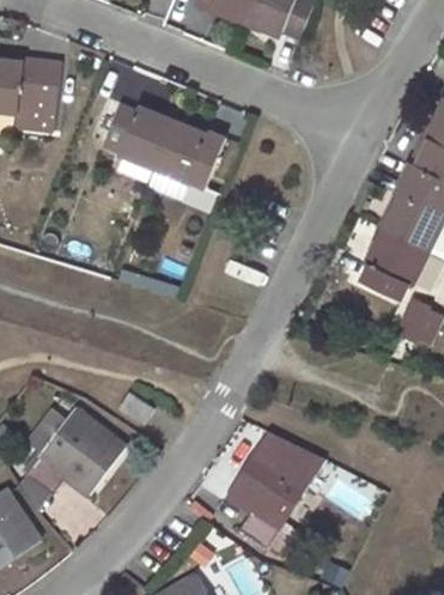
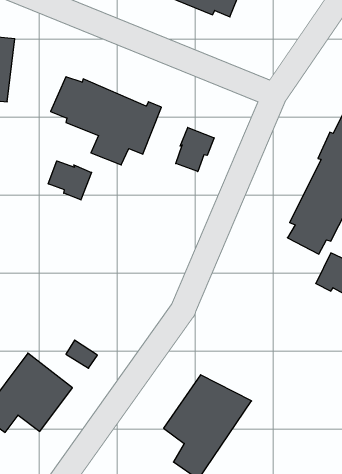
building: none -> [176,127,214,172]
building: none -> [48,161,92,200]

